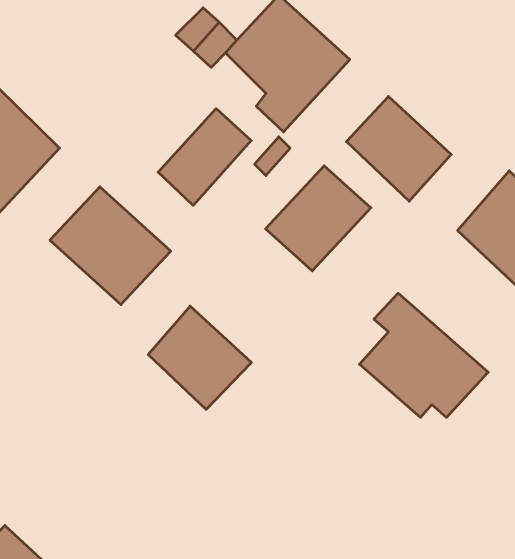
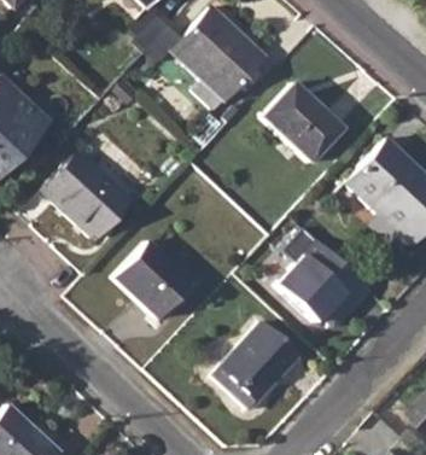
building: [158,109,251,205] -> none
building: [266,166,371,271] -> none
building: none -> [212,321,298,408]

